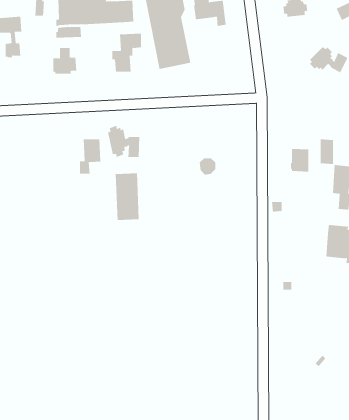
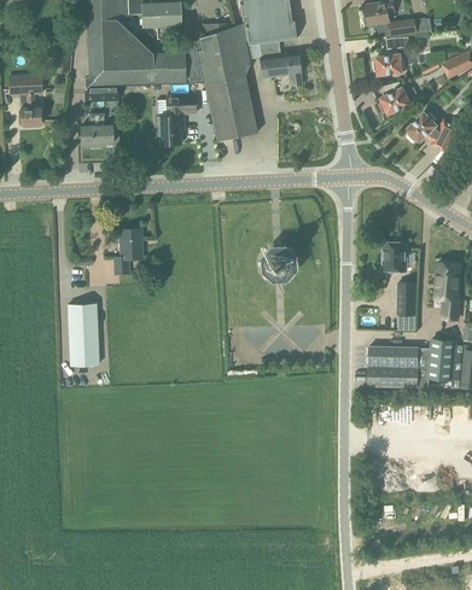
building: none -> [379,86,412,113]
building: [107,125,140,158] -> none
building: [320,139,334,165] -> [398,281,416,314]
building: [115,173,140,221] -> [68,304,99,364]
building: none -> [369,344,430,386]

